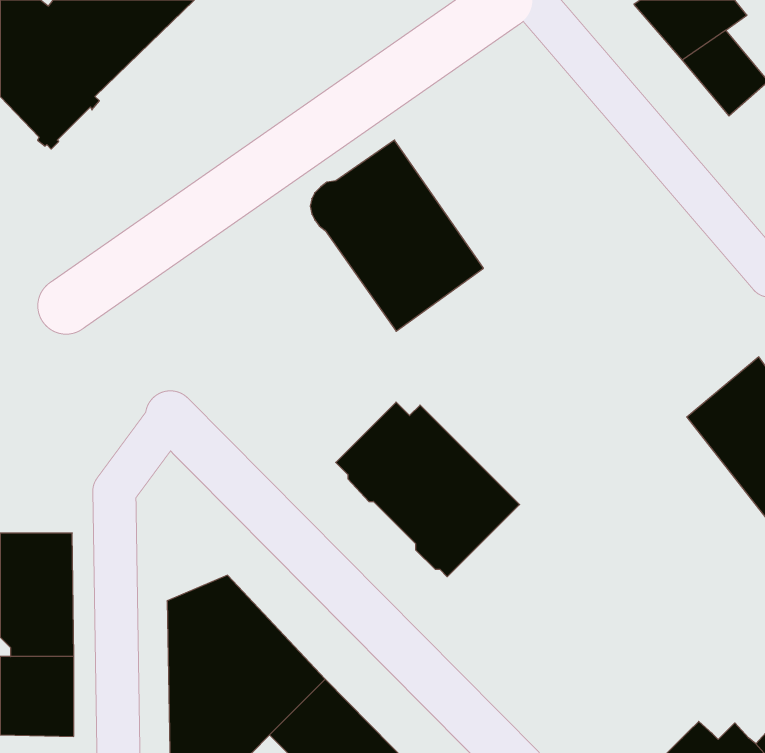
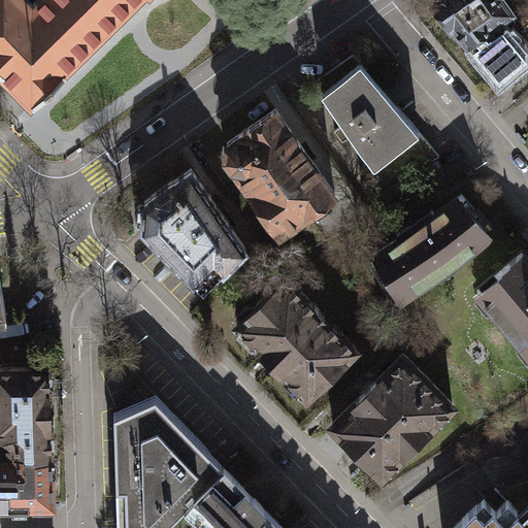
building: none -> [321,65,416,167]
building: none -> [138,172,242,294]
building: none -> [368,197,494,306]
building: none -> [324,352,459,489]

